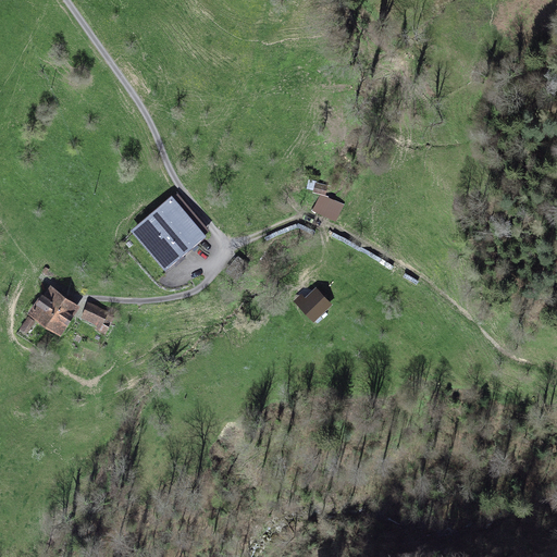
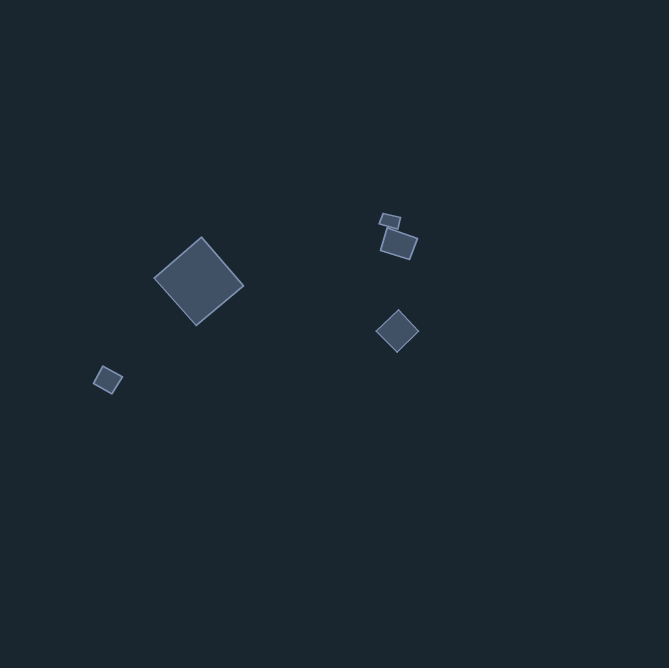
building: [27,285,77,336] -> none
building: [298,288,333,323] -> [376,310,418,352]

